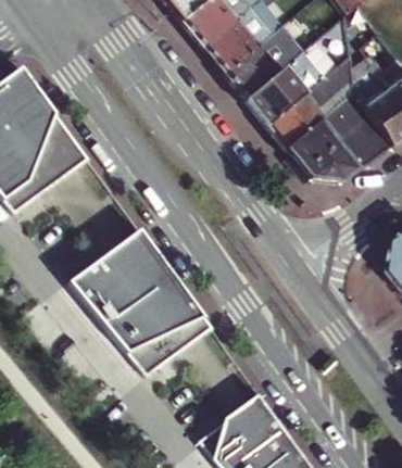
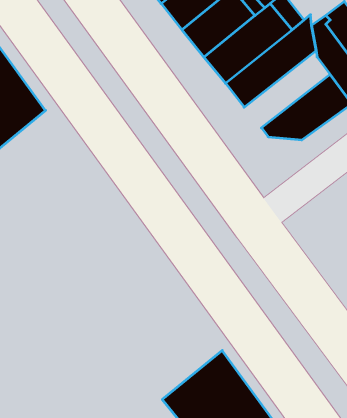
building: [285,93,370,170] -> none
building: [71,223,211,374] -> none

